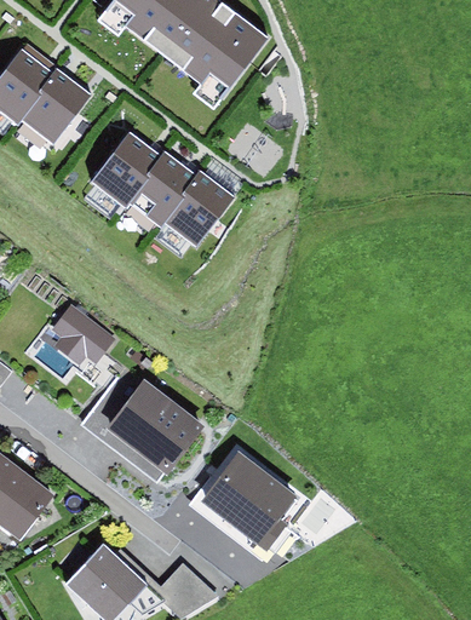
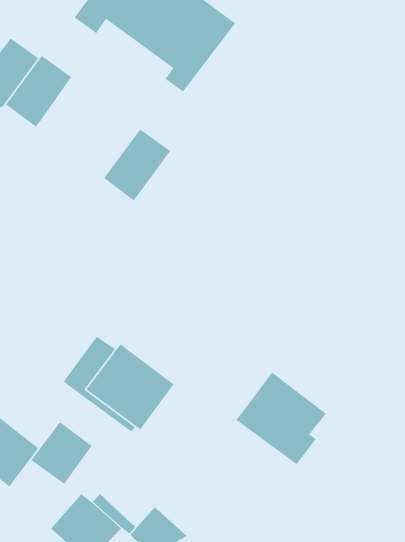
building: [88,127,161,206] -> none
building: [162,167,237,246] -> none
building: [50,303,114,377] -> none
building: [196,453,297,556] -> [235,372,327,465]
building: none -> [30,421,93,485]

